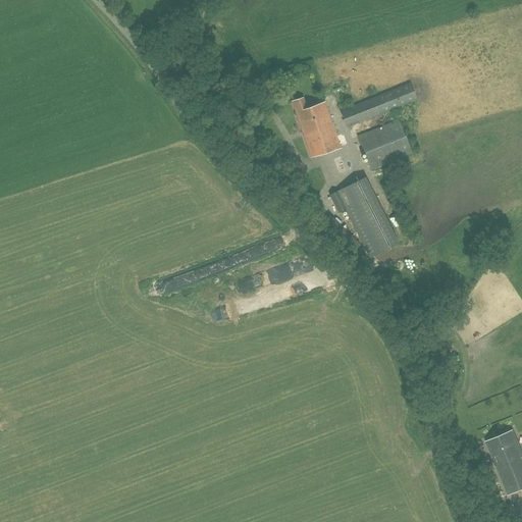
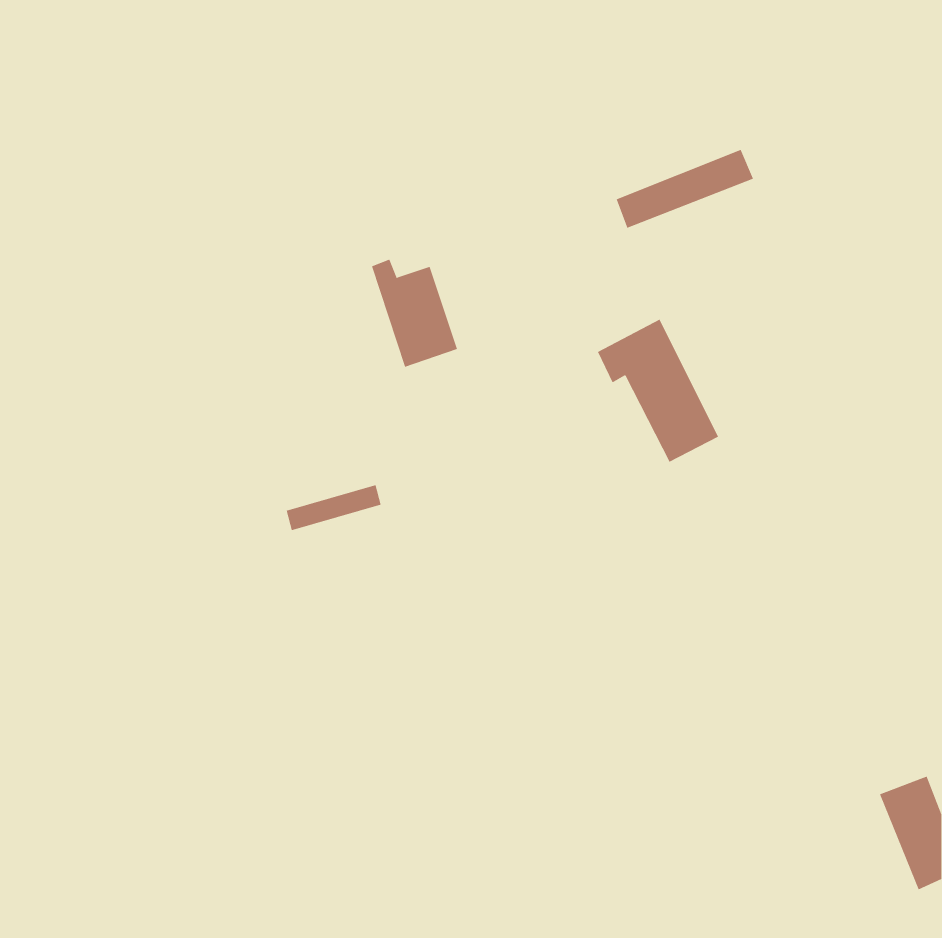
building: [293,97,341,157] -> [371,259,458,368]
building: [358,119,412,168] -> none

